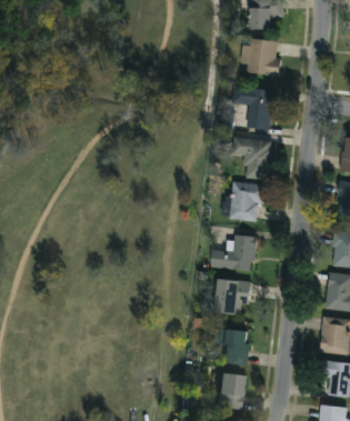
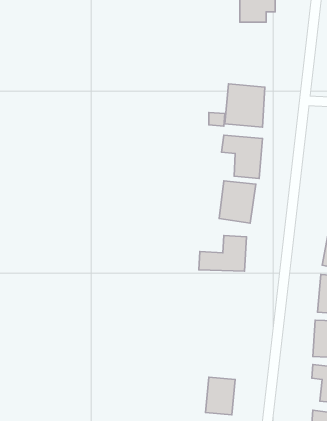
building: [242,37,281,76] -> none
building: [213,277,252,317] -> none
building: [213,329,248,363] -> none

